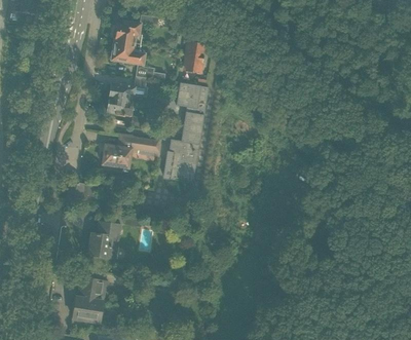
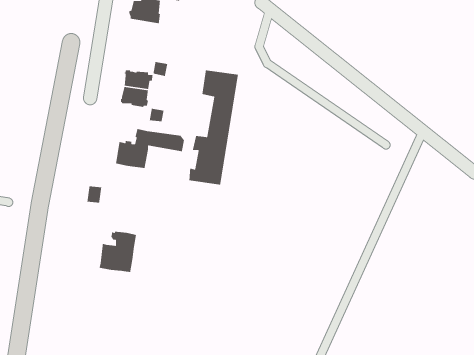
building: [109,40,164,81] -> none
building: [183,42,204,73] -> none
building: [72,277,108,322] -> none

